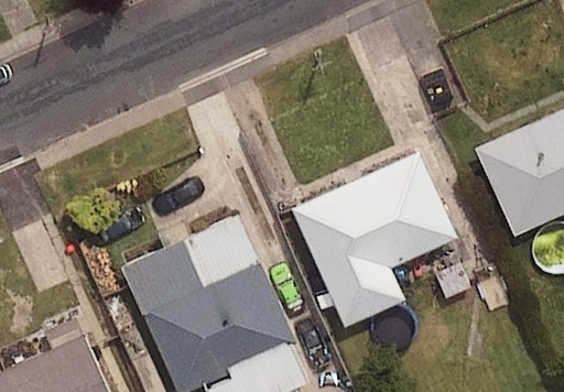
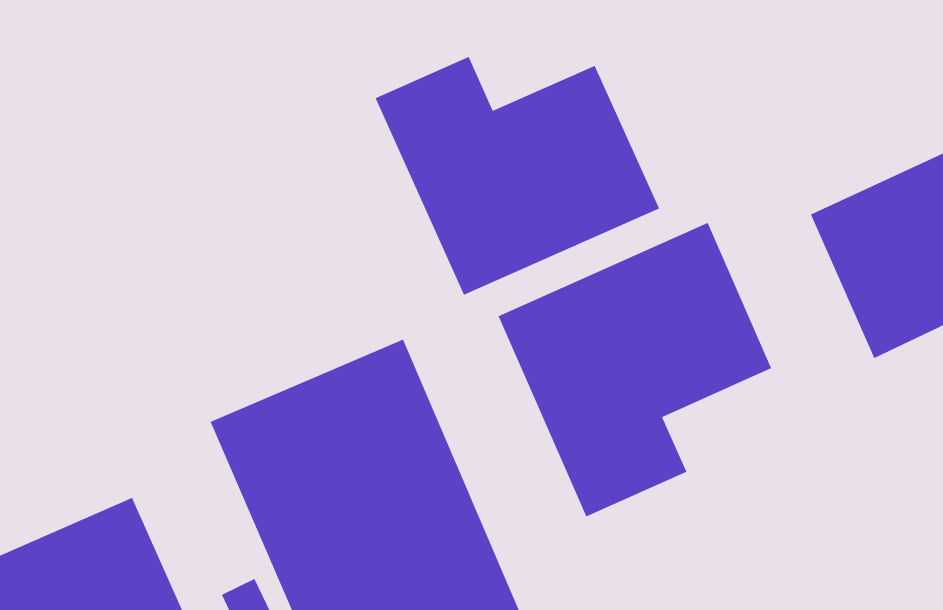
building: none -> [375,56,660,296]

